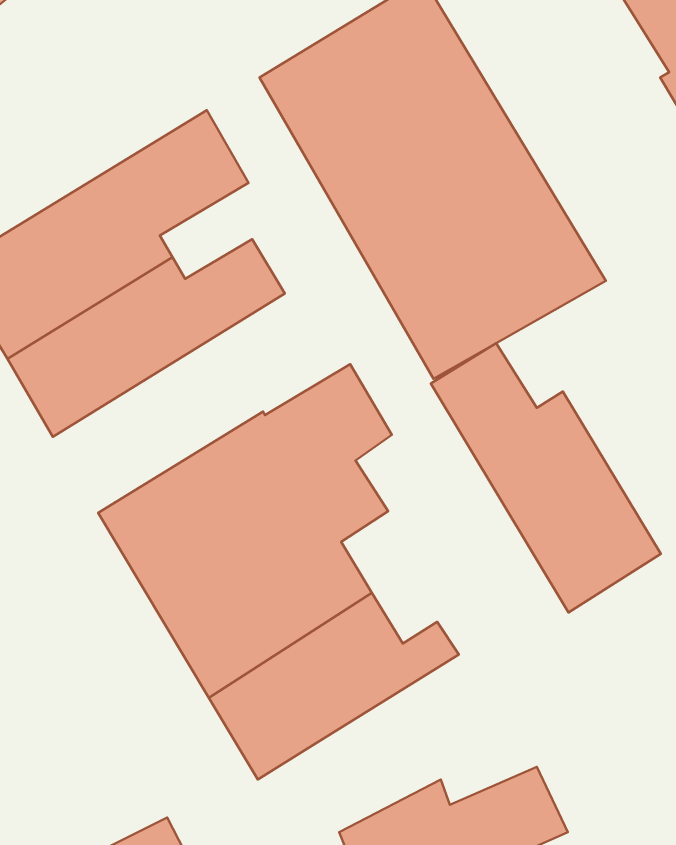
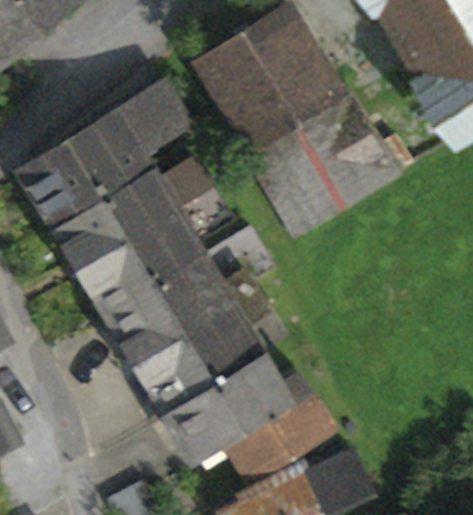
building: none -> [75,185,225,309]
building: [431,343,661,612] -> none
building: none -> [221,389,326,477]

